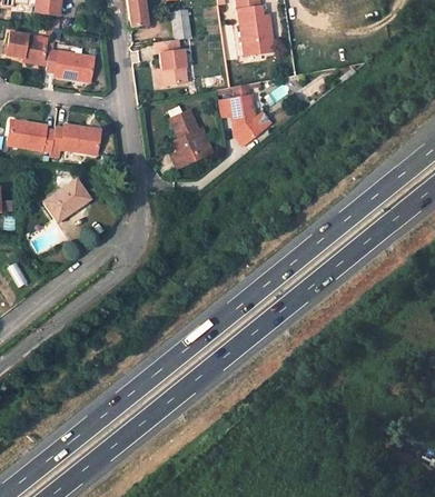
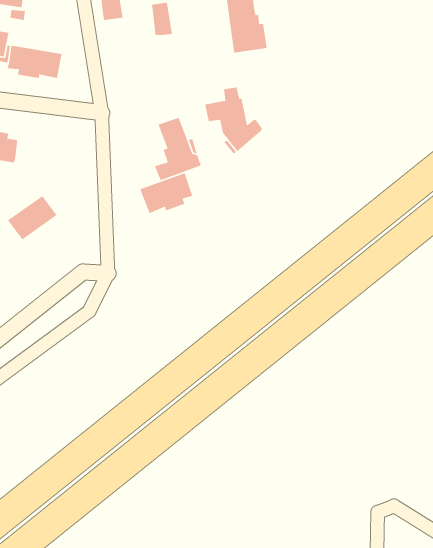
building: [155,40,189,86] -> none
building: [52,126,99,156] -> none
building: none -> [139,172,194,214]

